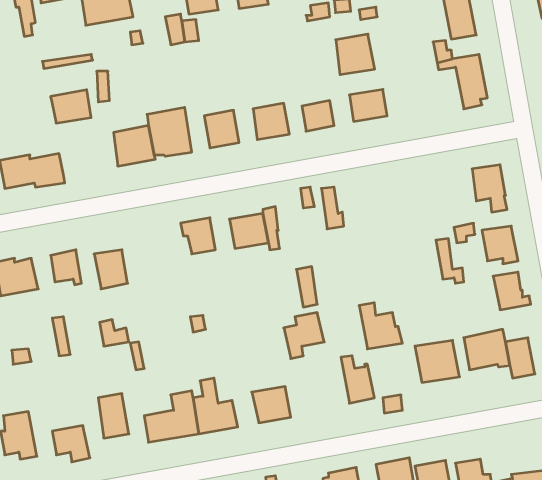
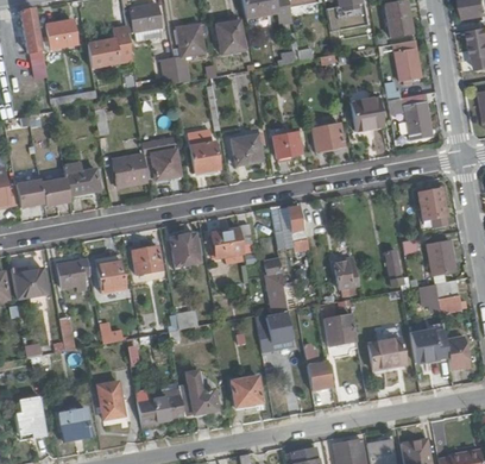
building: [336,34,375,75] -> [352,98,385,132]
building: [51,90,91,123] -> [64,168,99,196]
building: none -> [132,246,162,275]
building: none -> [332,262,357,294]

